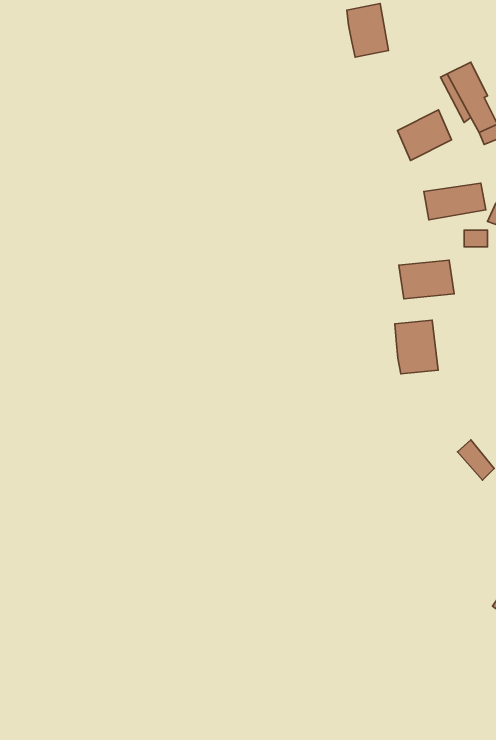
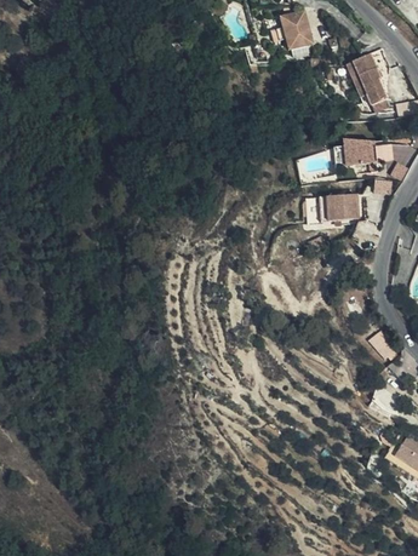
building: [397,110,452,160] -> none
building: [395,320,438,374] -> none

